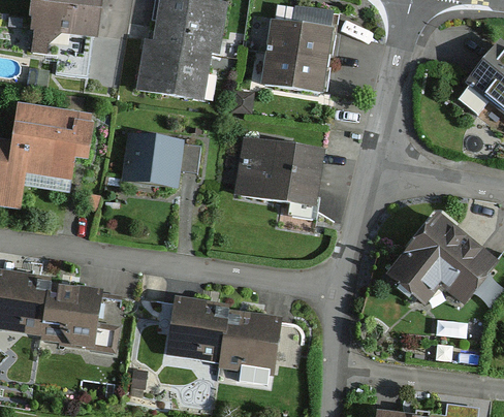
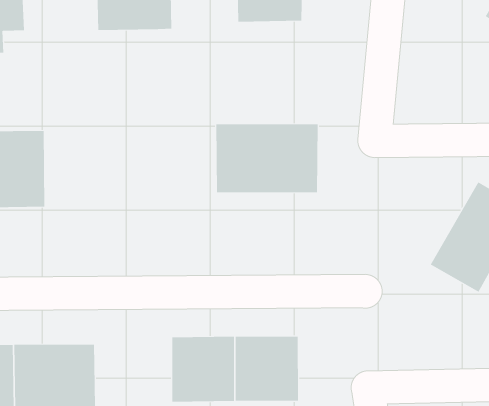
building: [135,38,201,94] -> none
building: [261,52,319,89] -> none
building: [125,133,184,187] -> none

